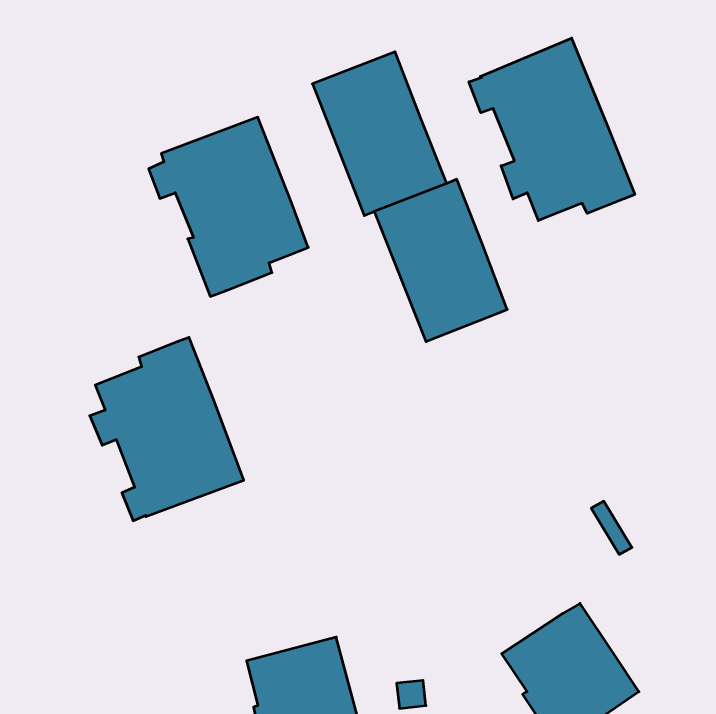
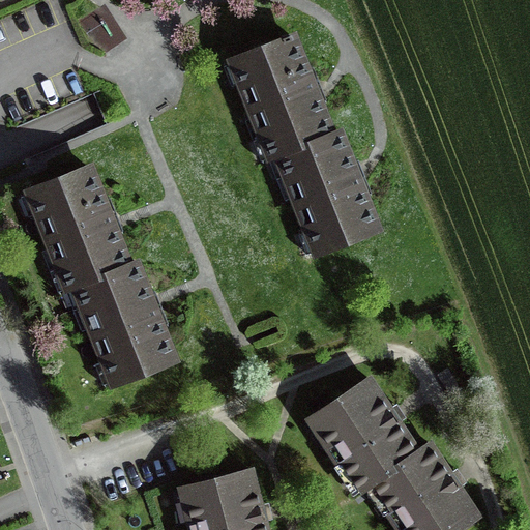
building: [469,38,635,221] -> none
building: [149,117,308,296] -> [13,157,131,290]
building: none -> [310,381,416,492]

